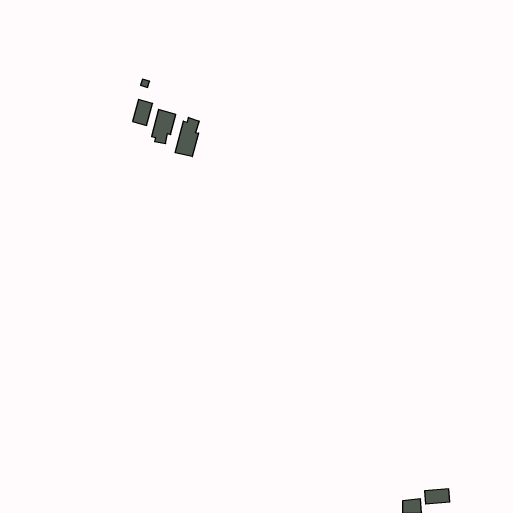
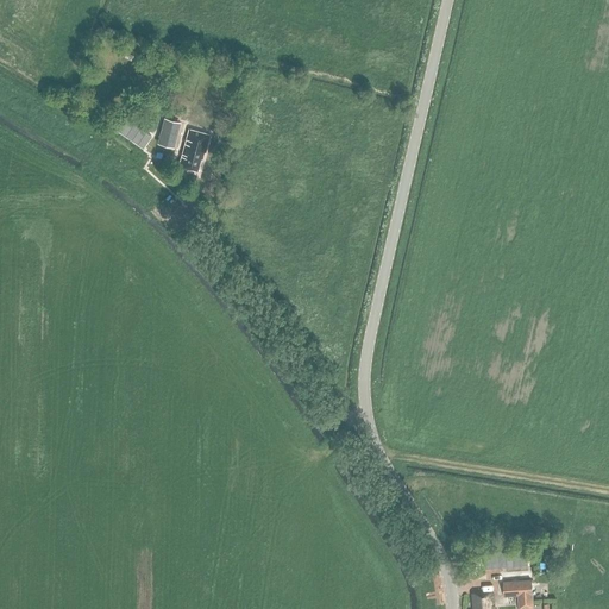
building: [175,117,199,157] -> none

